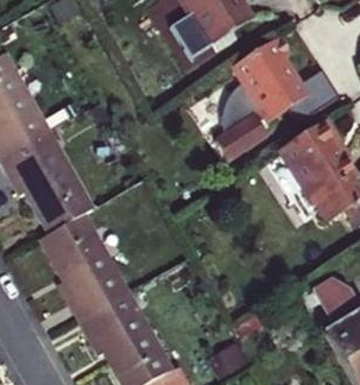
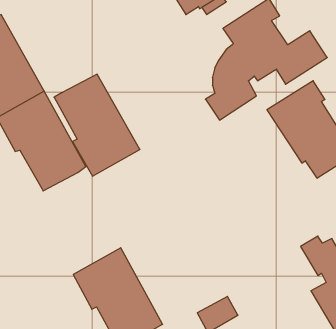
building: [40,213,128,317] -> [54,74,140,176]

